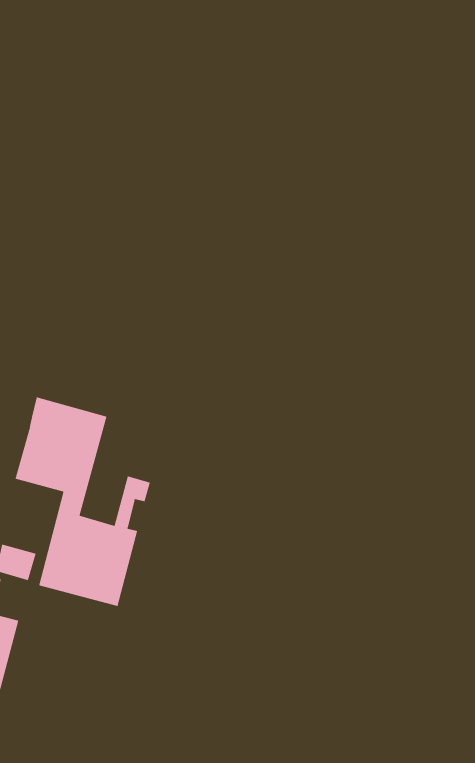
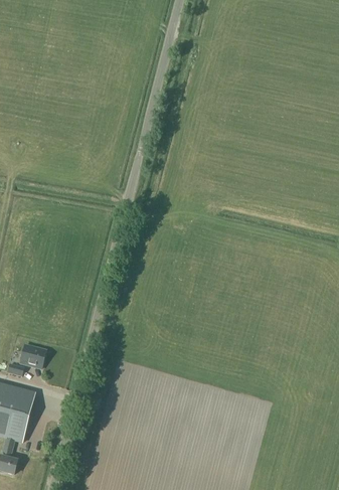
building: [15,396,151,607] -> none

